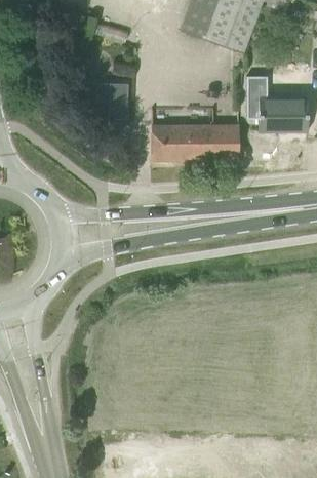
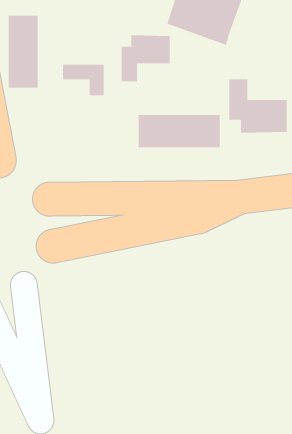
building: none -> [8,15,38,89]
building: none -> [121,35,170,82]

